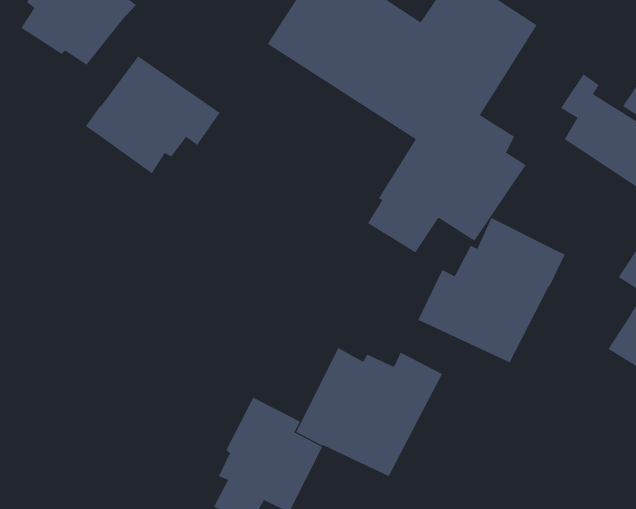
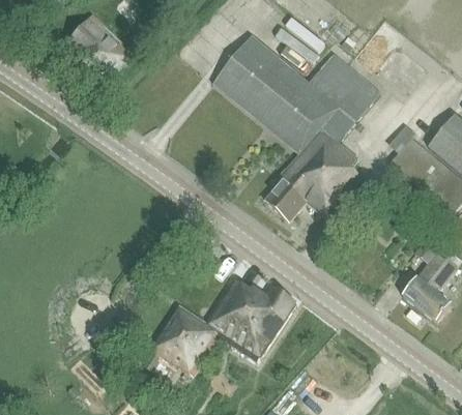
building: [85,55,220,174] -> none
building: [418,217,566,363] -> none

